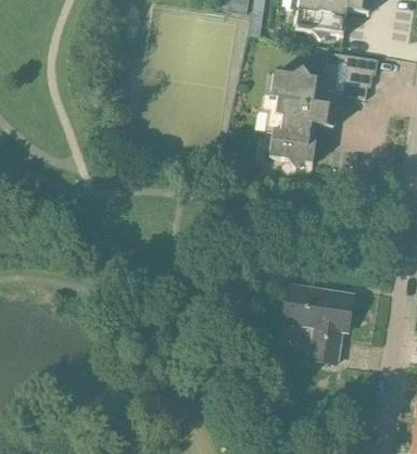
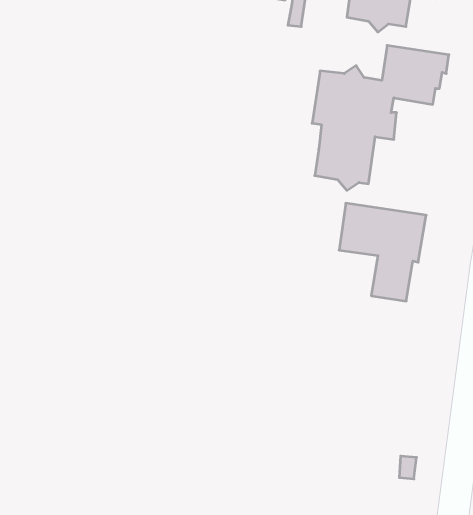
building: [282,283,353,363] -> [339,203,426,301]

